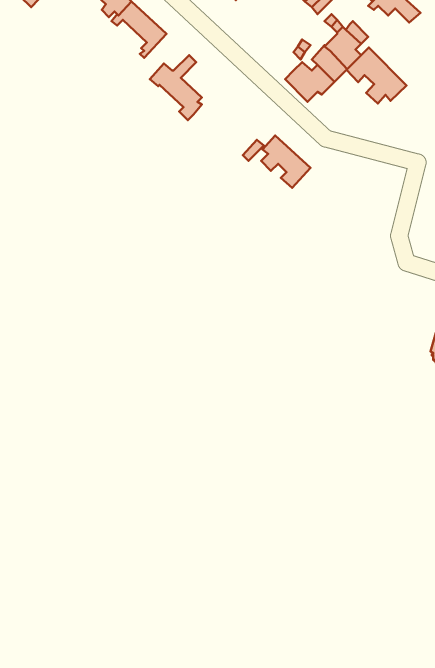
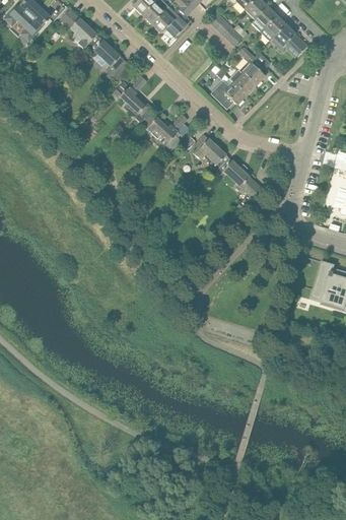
building: [346,48,406,103] -> none
building: none -> [141,111,187,150]
building: none -> [213,156,262,203]

